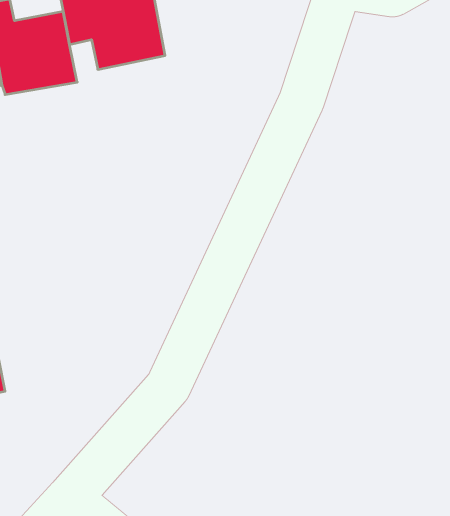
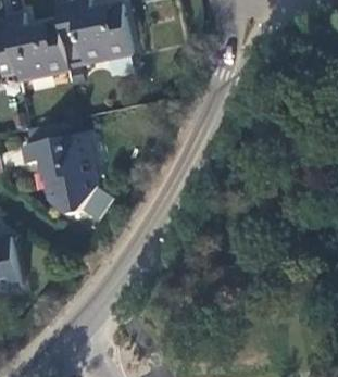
building: none -> [25,135,98,213]

